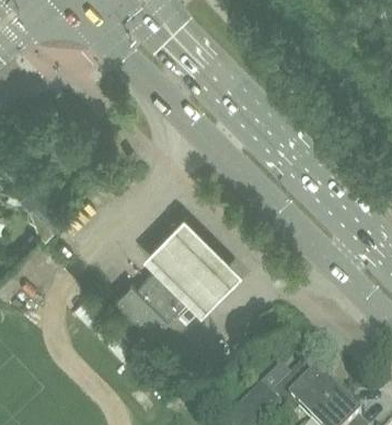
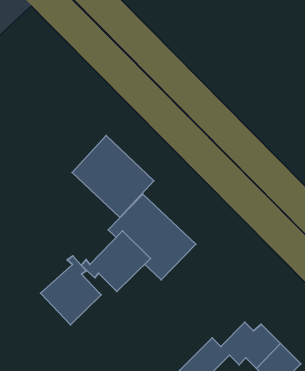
building: none -> [72,136,154,218]
building: none -> [41,256,101,325]

